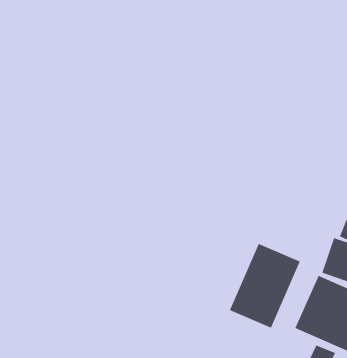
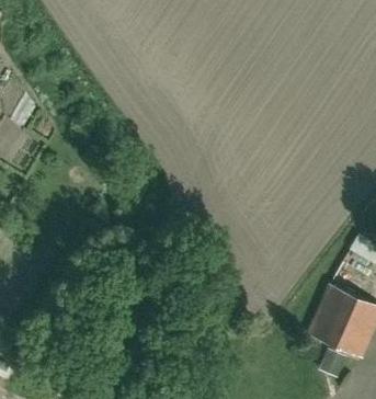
building: [229,243,300,328] -> none

